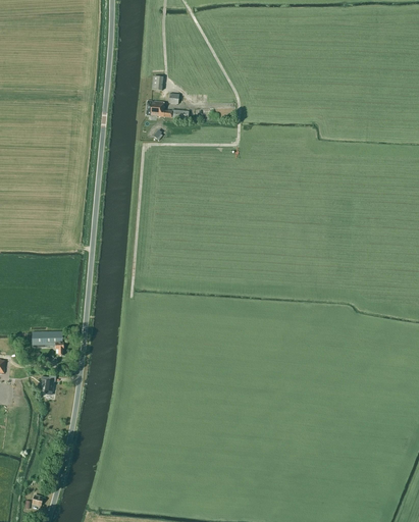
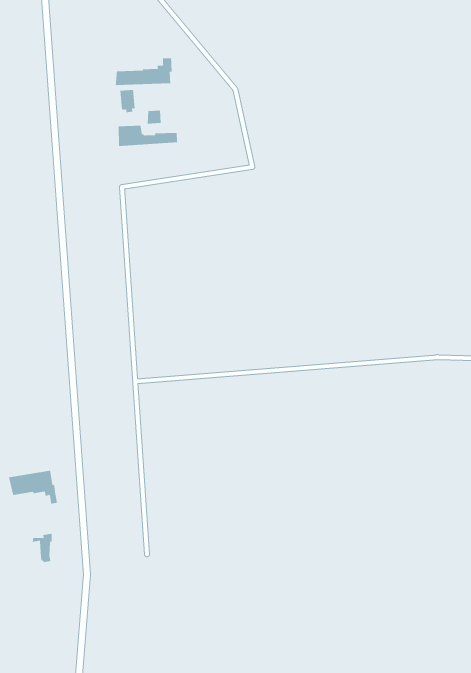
building: none -> [115,58,172,86]

